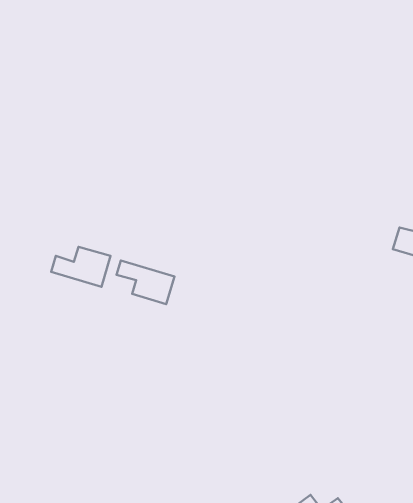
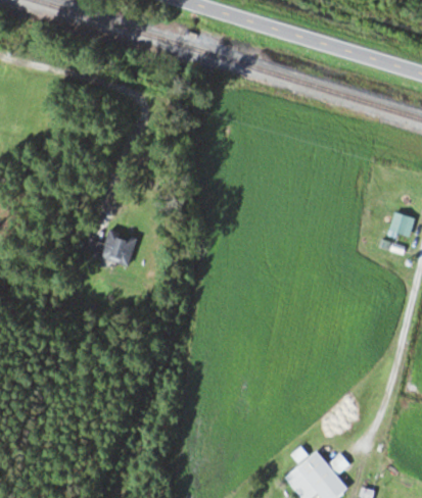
building: [116,260,174,304] -> none

